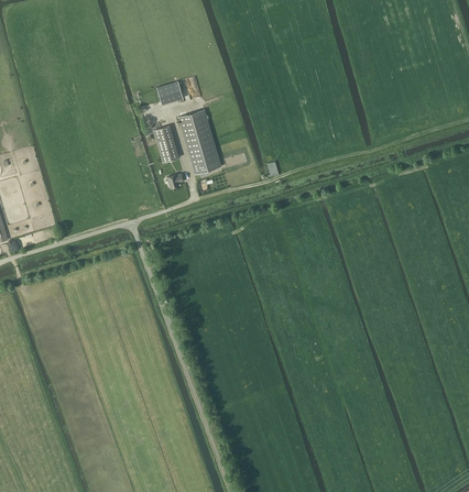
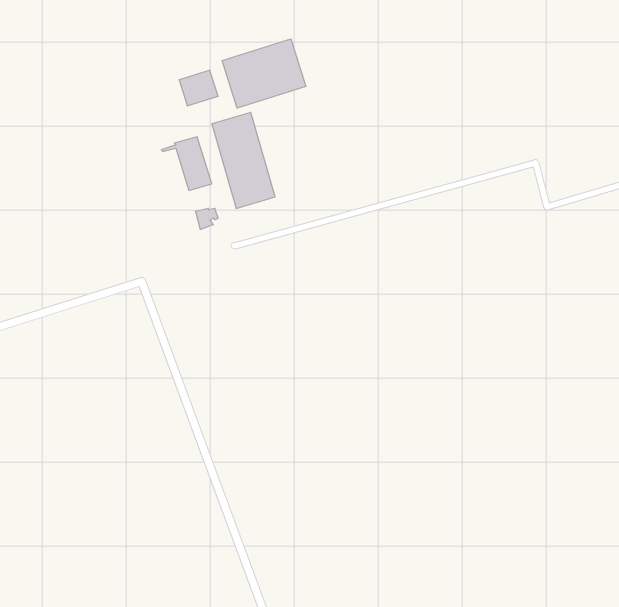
building: none -> [222,39,306,108]

